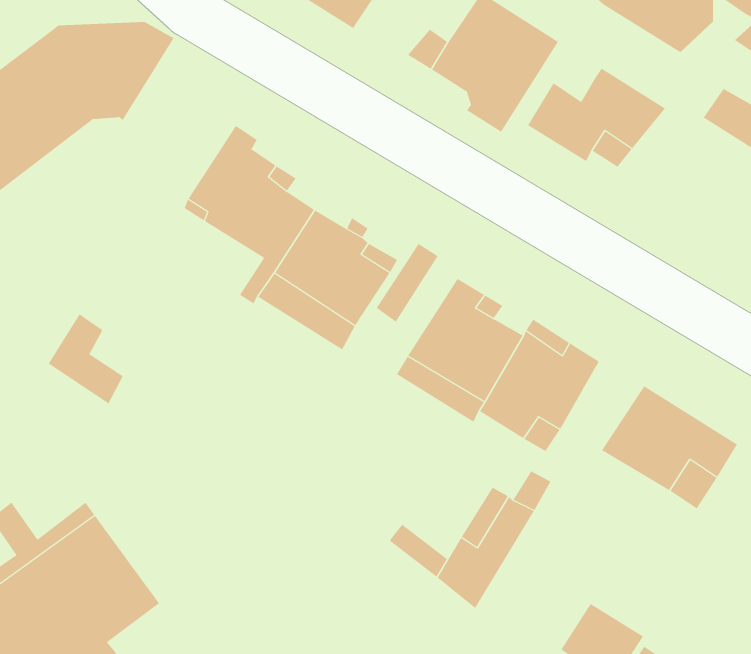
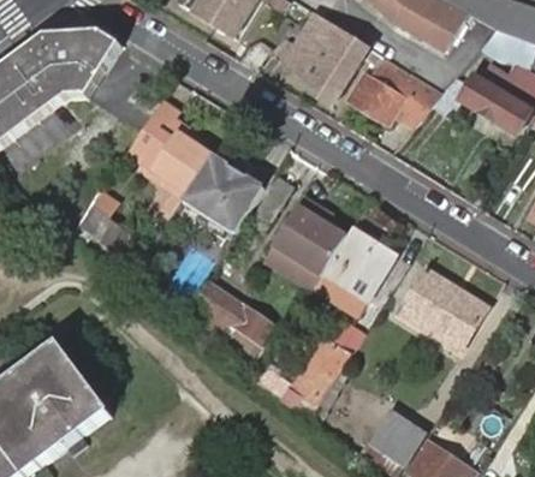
building: [48,314,124,404] -> [78,195,127,254]
building: none -> [186,281,275,352]

